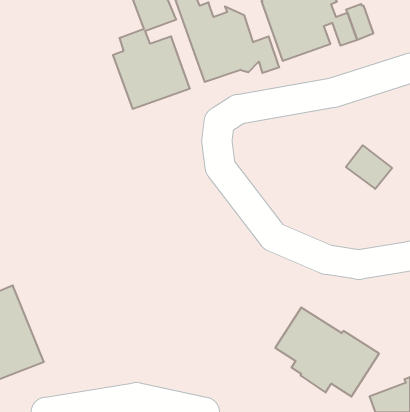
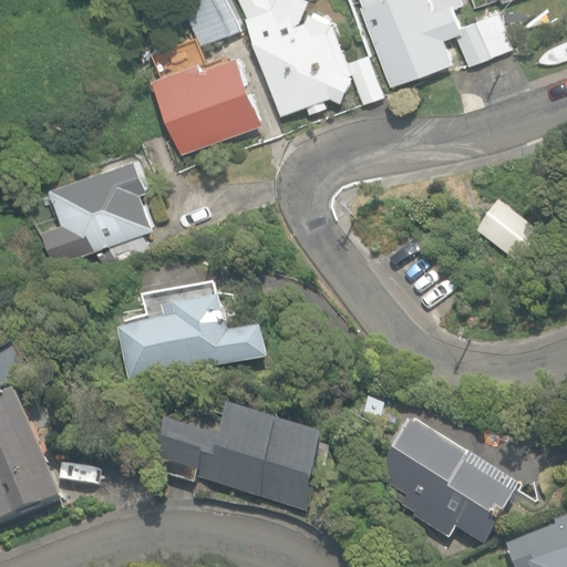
building: none -> [47,150,157,262]
building: none -> [114,286,264,379]
building: none -> [153,404,330,512]

